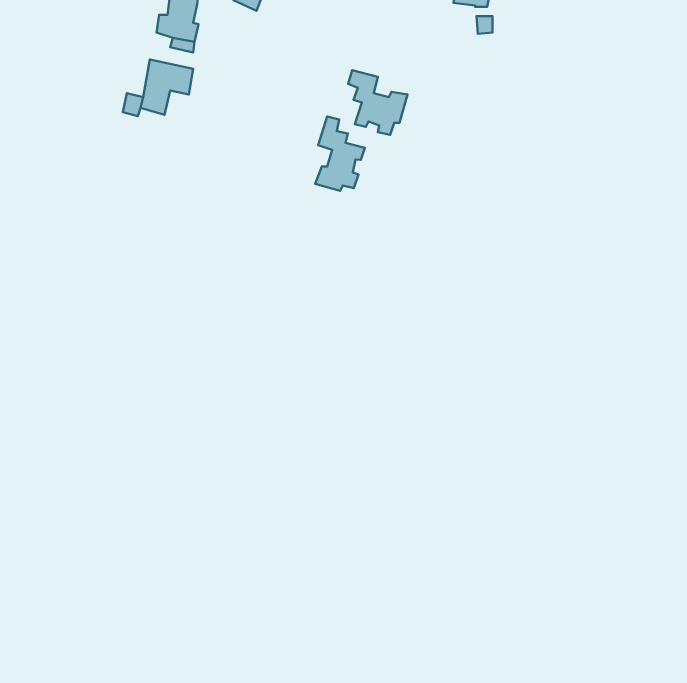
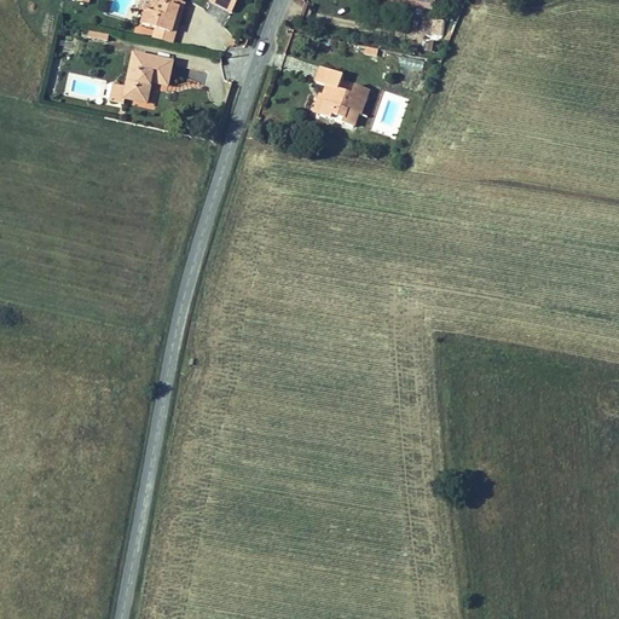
building: [315,116,365,191] -> none

